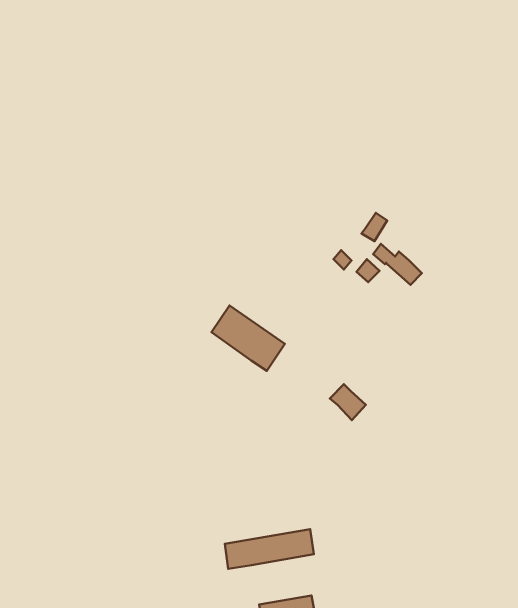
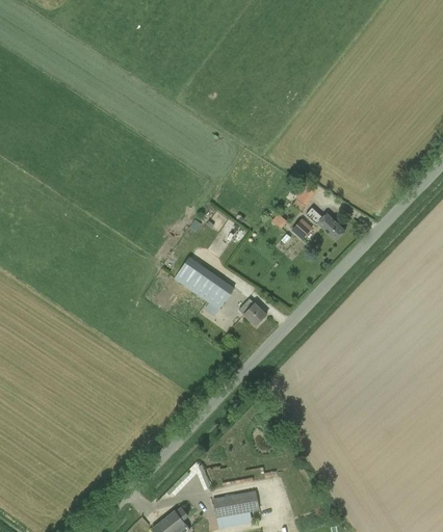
building: [330,384,366,420] -> [238,298,267,327]
building: [225,529,314,569] -> none

